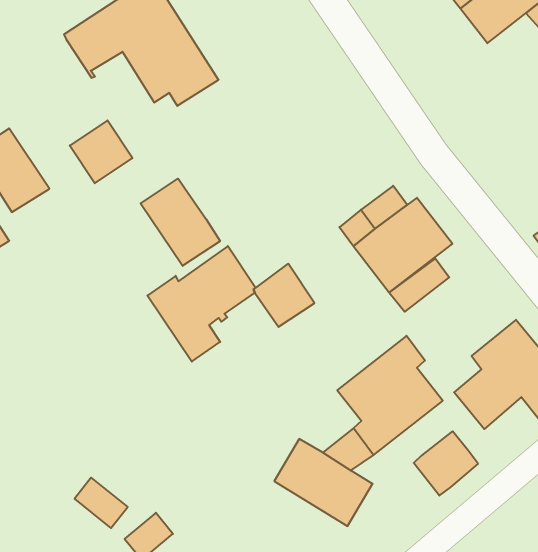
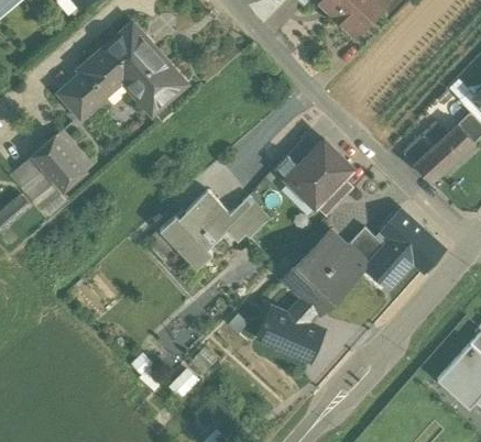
building: [70,120,132,183] -> [59,74,101,115]
building: [141,179,220,266] -> none
building: [414,431,478,496] -> [340,228,382,270]

